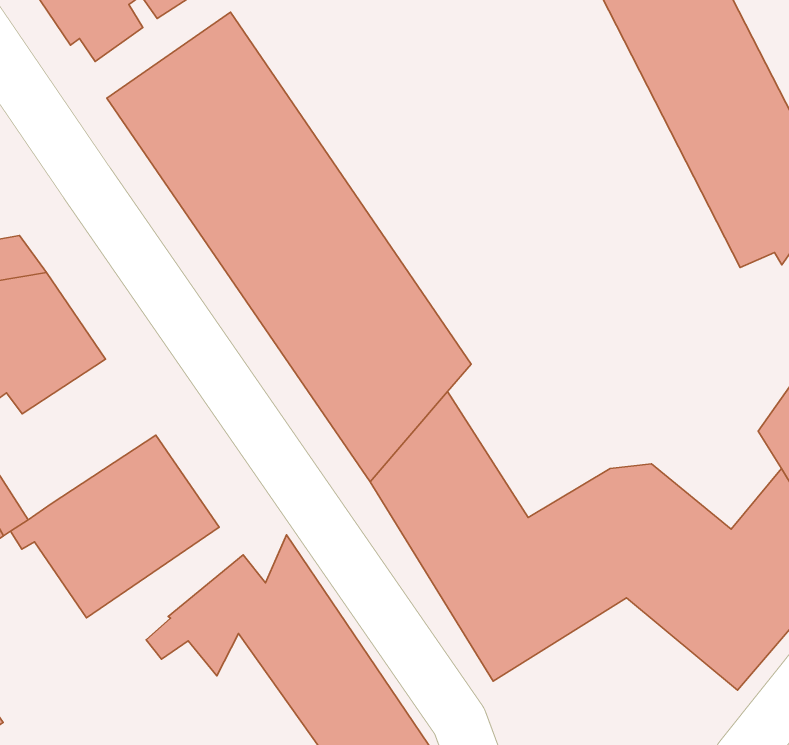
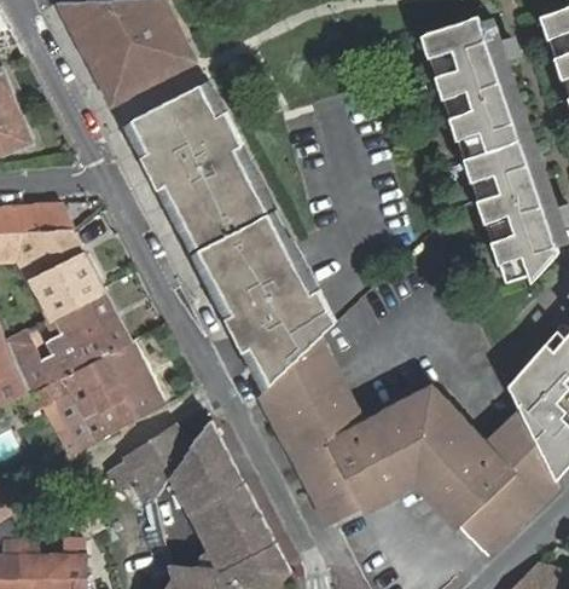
building: none -> [40,291,128,380]

